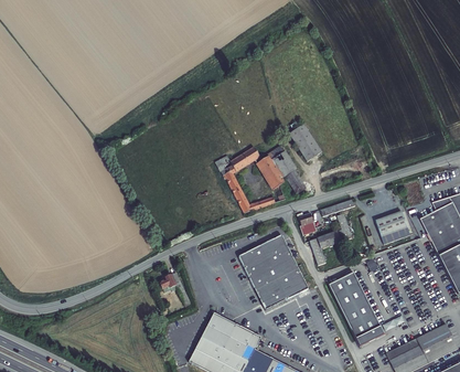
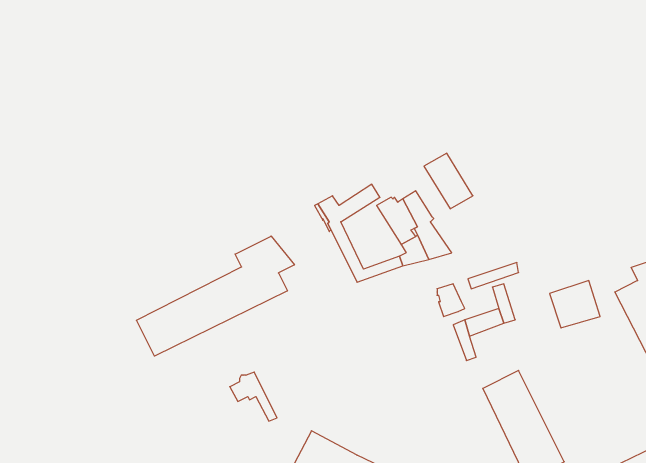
building: none -> [136,236,294,356]
building: [238,234,308,309] -> none

